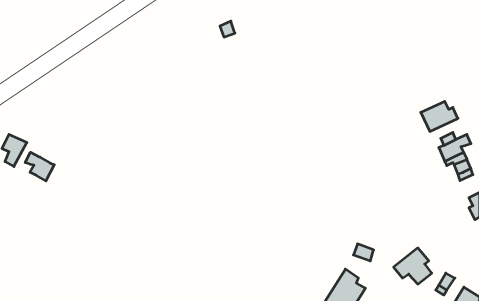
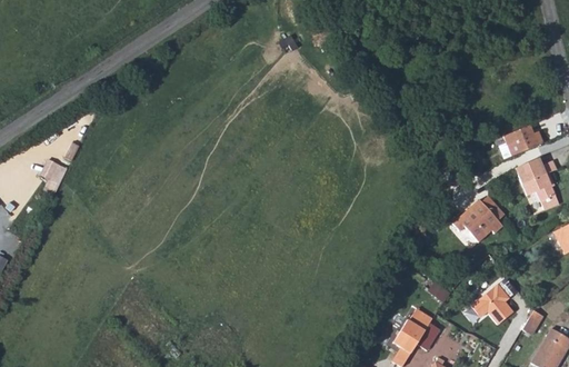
building: [25,152,54,181] -> none
building: none -> [453,196,507,244]

